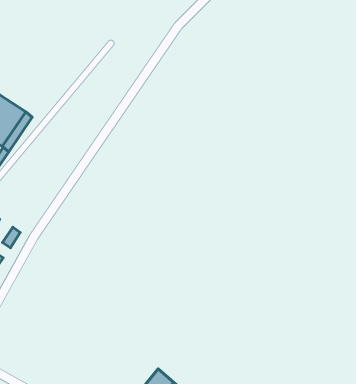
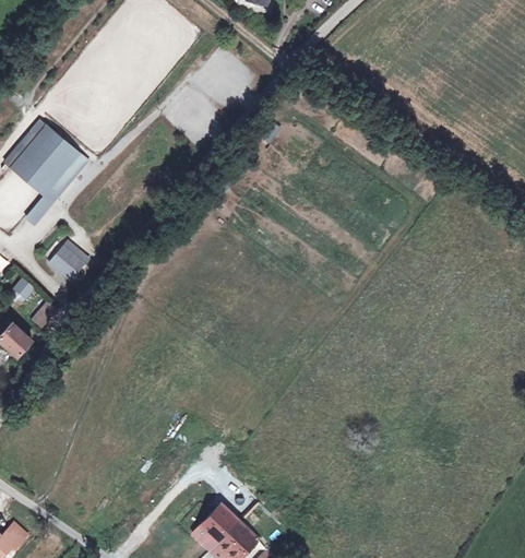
building: none -> [49,246,83,280]

